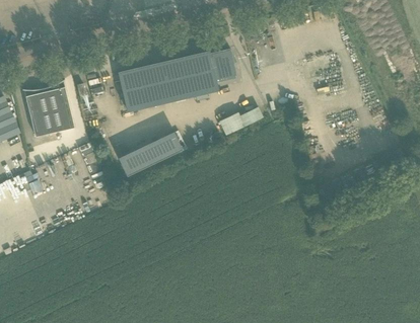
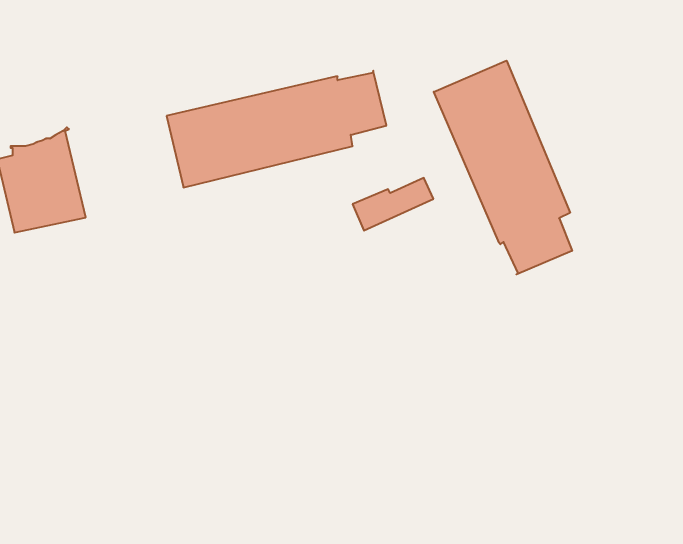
building: none -> [434,61,572,274]
building: [116,132,181,175] -> none

